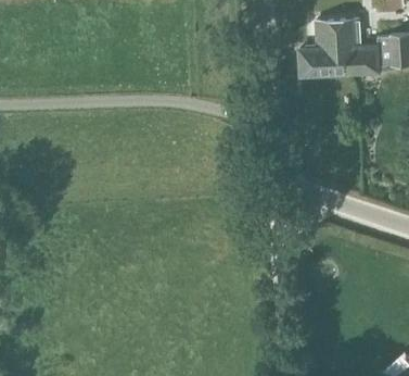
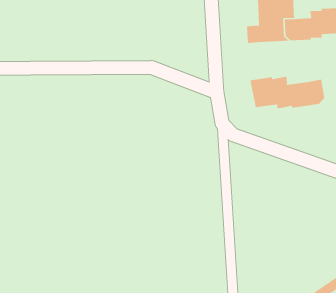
building: none -> [250,76,325,109]

